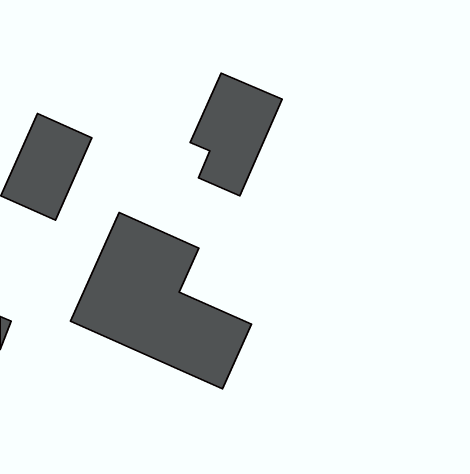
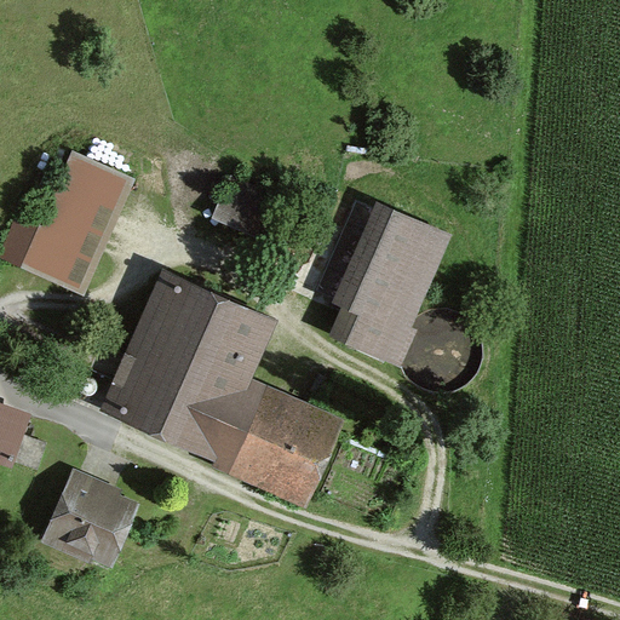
building: [190,73,282,196] -> [331,200,449,358]
building: none -> [46,473,138,559]

